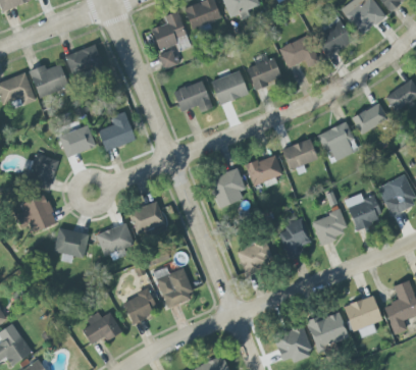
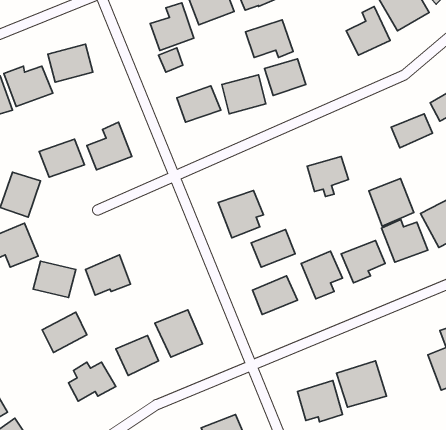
building: [279,36,319,67] -> [246,20,293,58]
building: [320,122,358,162] -> [369,179,414,226]
building: [246,154,282,186] -> [251,229,295,267]
building: [131,202,167,233] -> none
building: none -> [42,312,87,353]
building: [345,296,381,336] -> none

